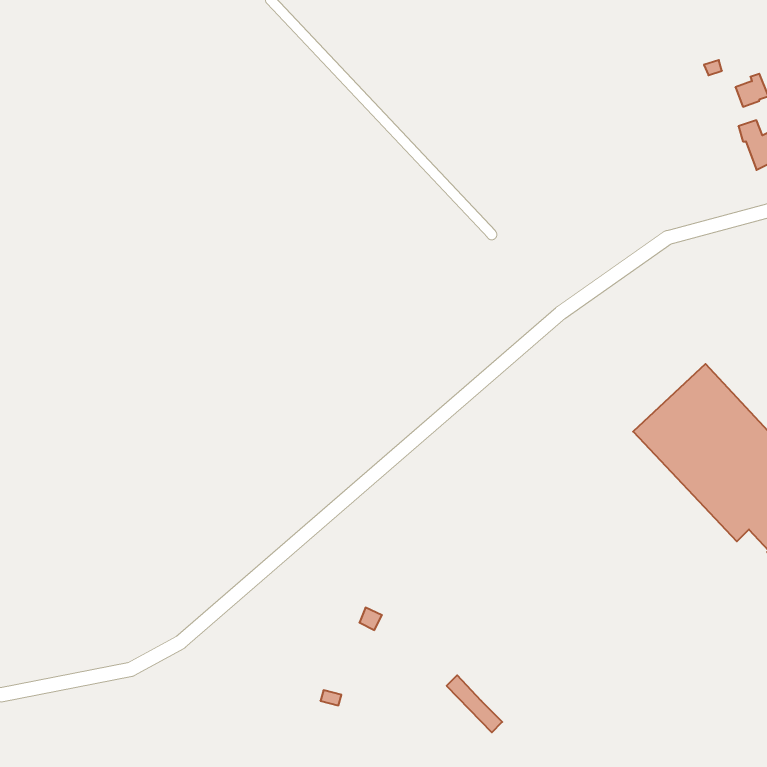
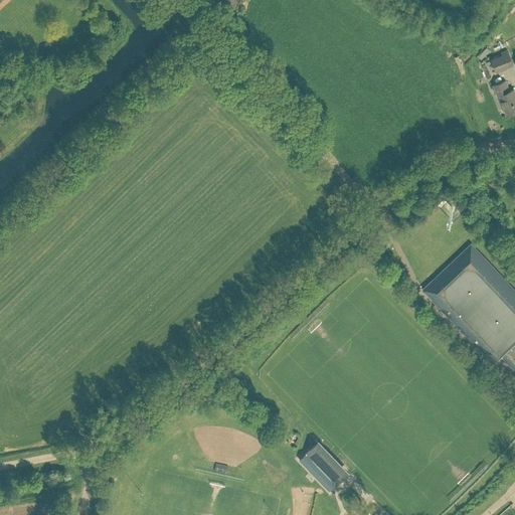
building: none -> [307,439,352,485]

